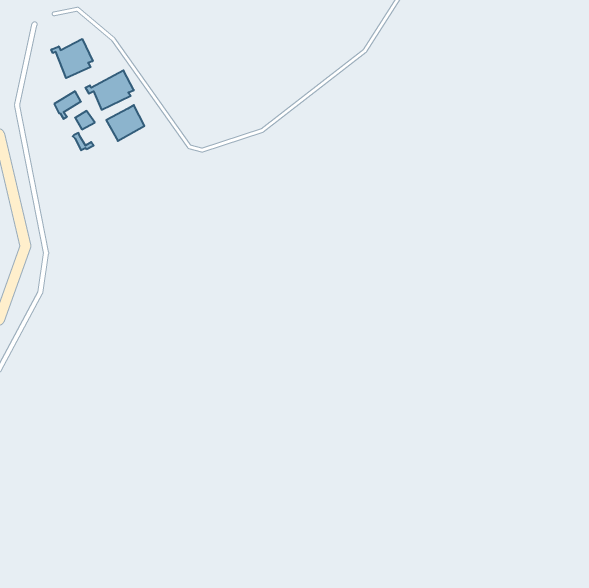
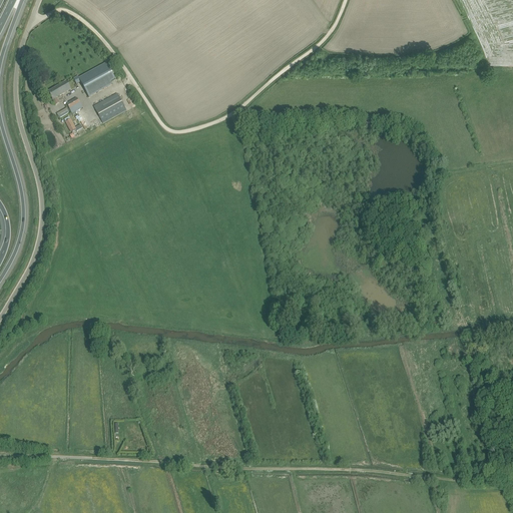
building: [51,39,93,78] -> none

